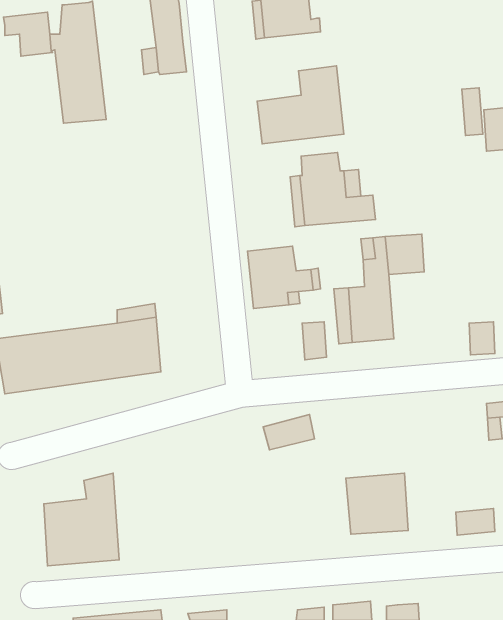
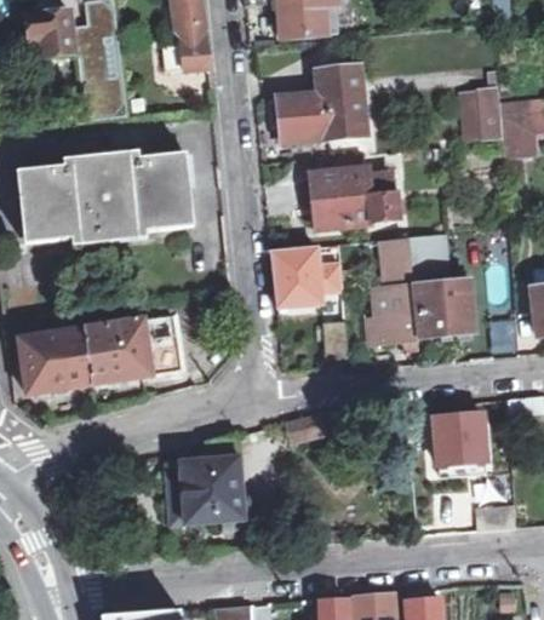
building: none -> [459,88,487,140]
building: none -> [32,153,182,241]
building: none -> [413,274,470,335]
building: [346,473,408,534] -> [433,413,494,473]
building: [44,473,119,566] -> [166,436,241,528]

